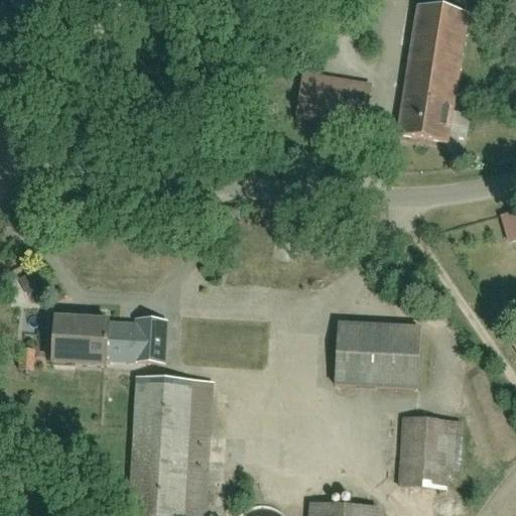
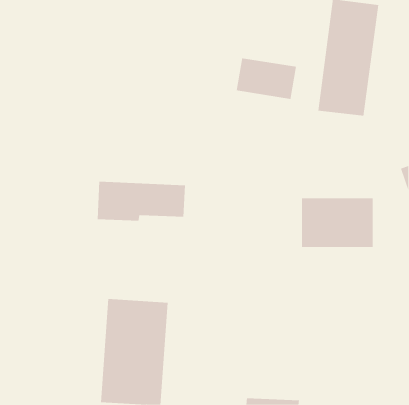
building: [52,315,164,366] -> [97,181,186,221]
building: [337,321,427,384] -> [301,198,373,248]
building: [397,417,457,486] -> none

